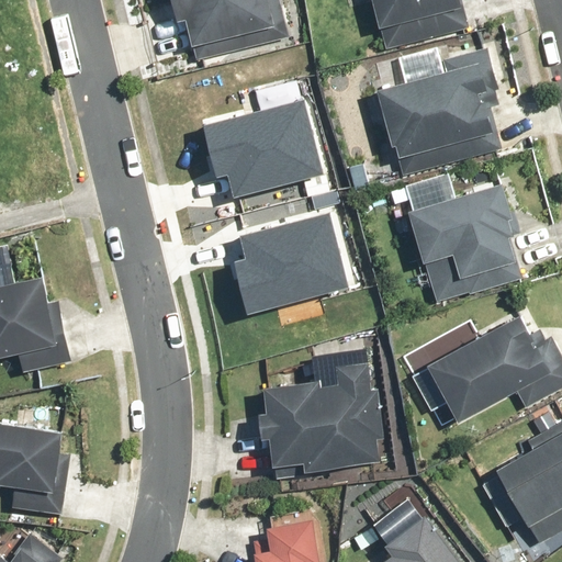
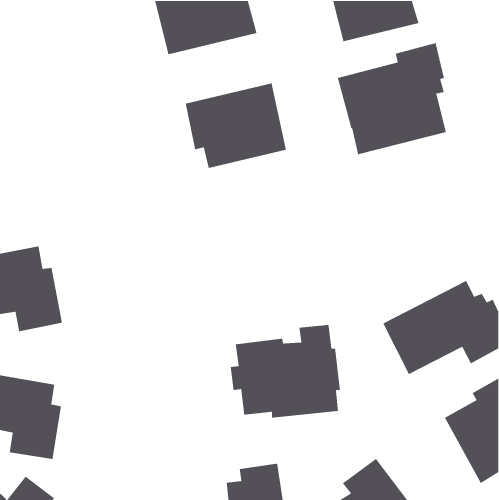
building: [407,182,521,304] -> none
building: [236,209,348,307] -> none

